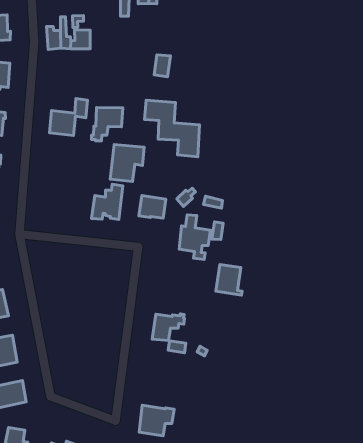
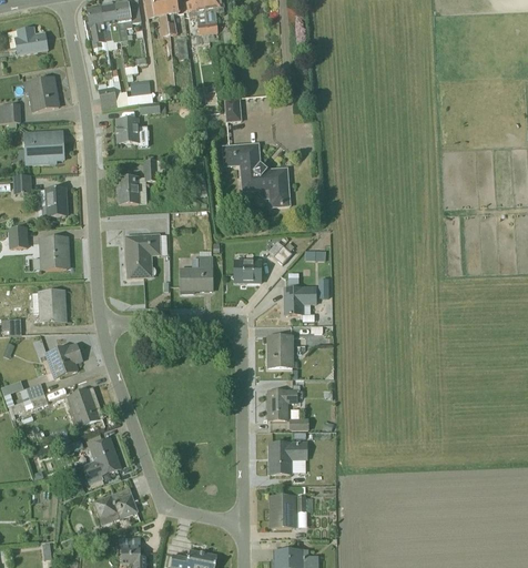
building: none -> [115,116,140,144]
building: [91,107,123,141] -> none
building: [110,145,144,182] -> [126,234,162,276]
building: [216,264,242,295] -> [268,335,298,366]
building: none -> [270,443,307,473]

